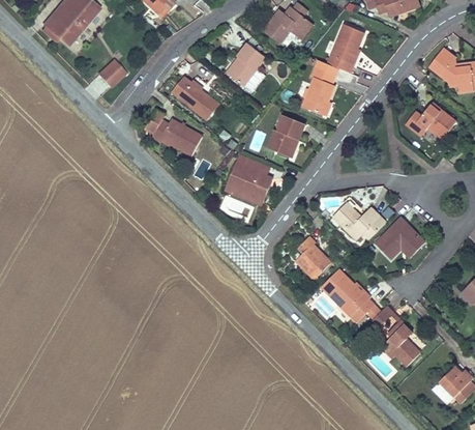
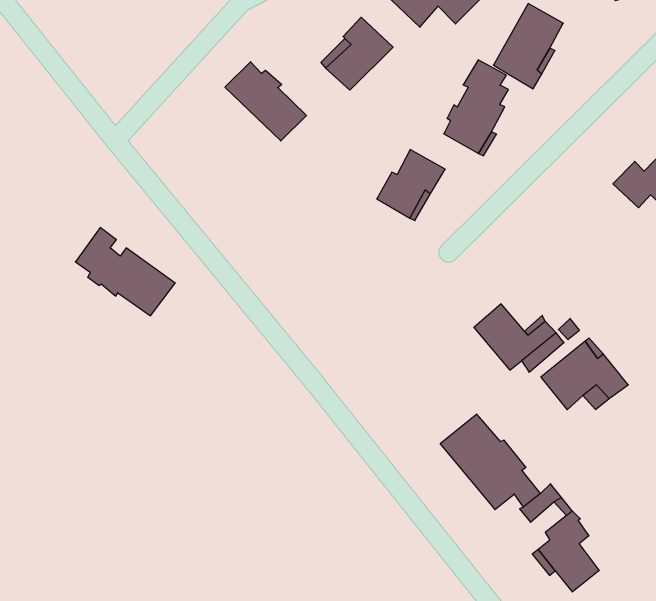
building: [96,59,126,88] -> none
building: [143,108,203,156] -> [75,227,175,316]
building: [224,153,273,206] -> none
building: [294,235,331,280] -> none

